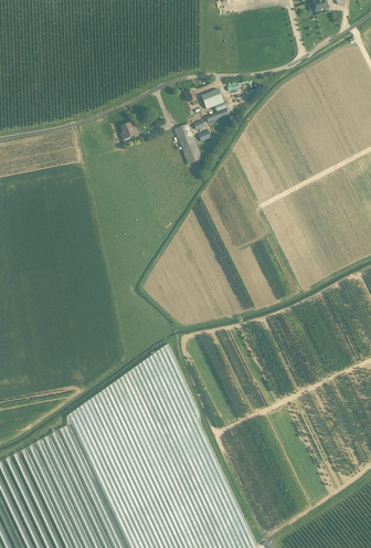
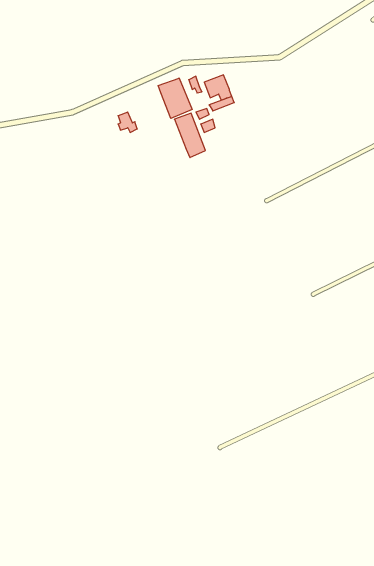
building: none -> [158,78,192,118]

